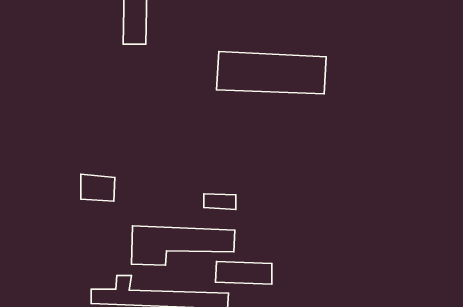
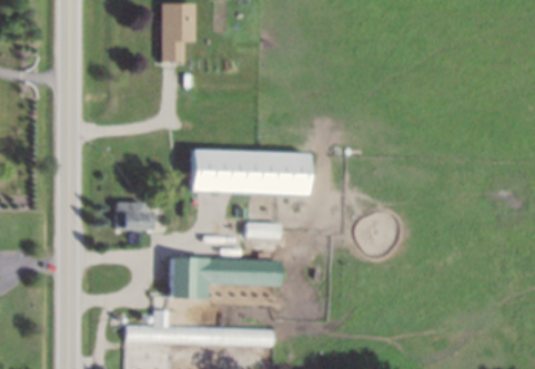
building: [217,52,326,94] -> [191,150,309,195]
building: [215,261,272,284] -> none

